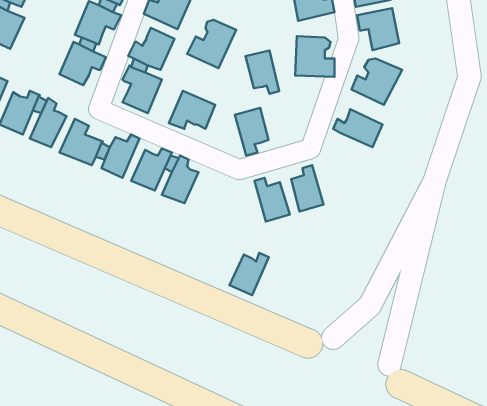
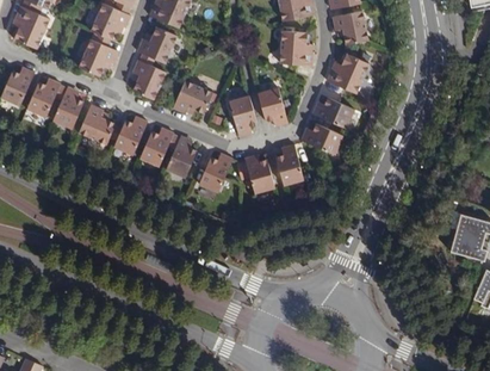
building: [187,20,236,68] -> none
building: [246,50,279,94] -> [256,87,285,124]
building: none -> [298,123,340,154]
building: [230,253,269,295] -> [198,154,231,190]

